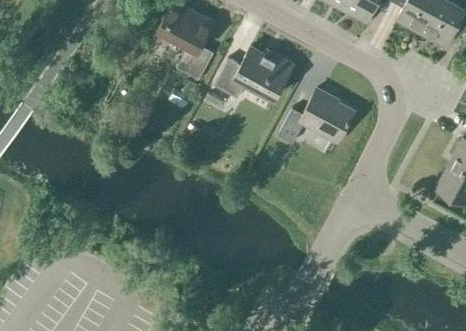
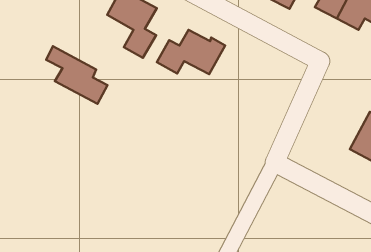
building: none -> [46,46,108,104]
building: [277,90,353,144] -> none

